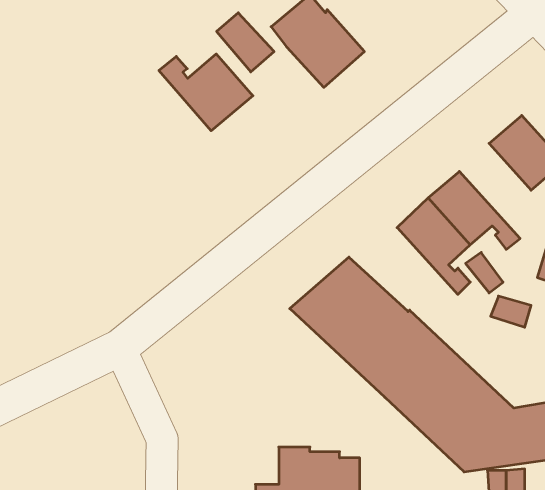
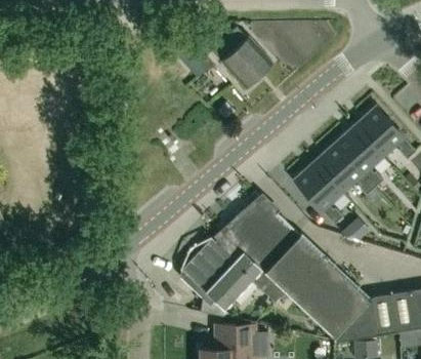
building: [159,54,253,131] -> none
building: none -> [334,124,382,187]
building: none -> [180,233,285,310]

